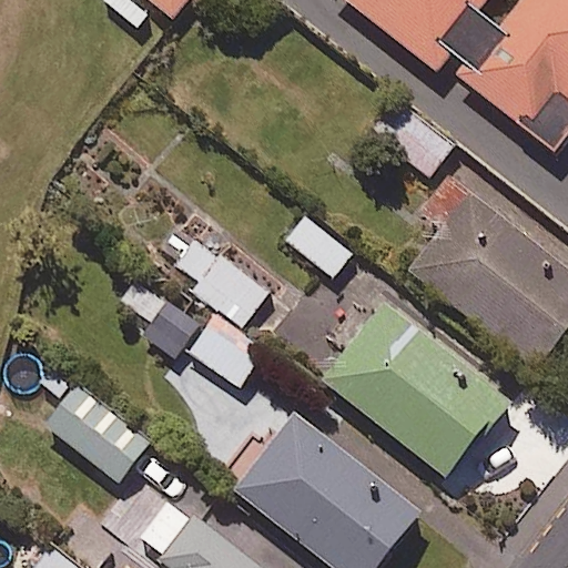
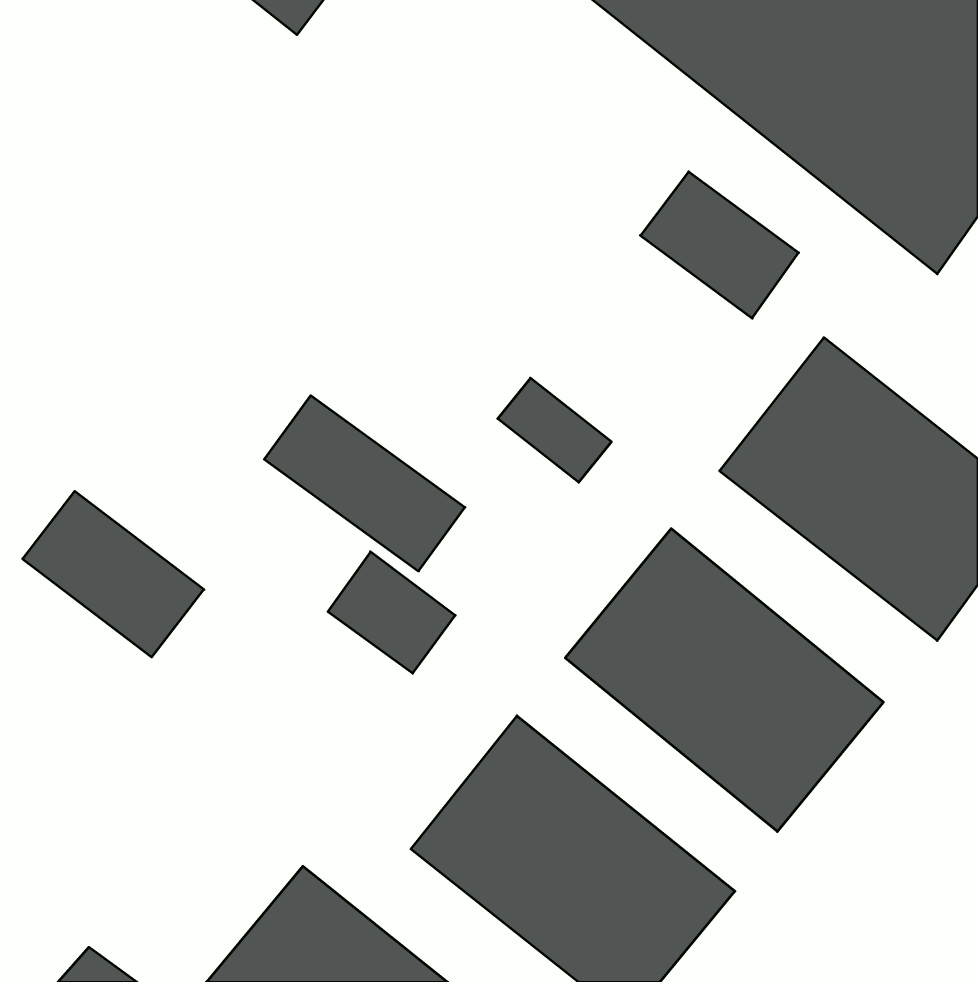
building: [45,385,150,480] -> [23,491,204,657]

